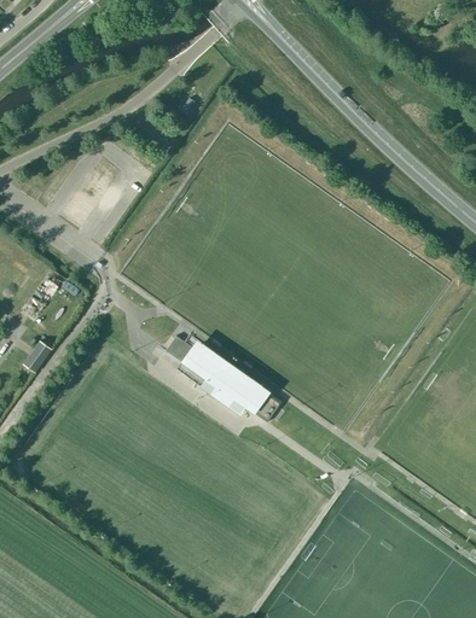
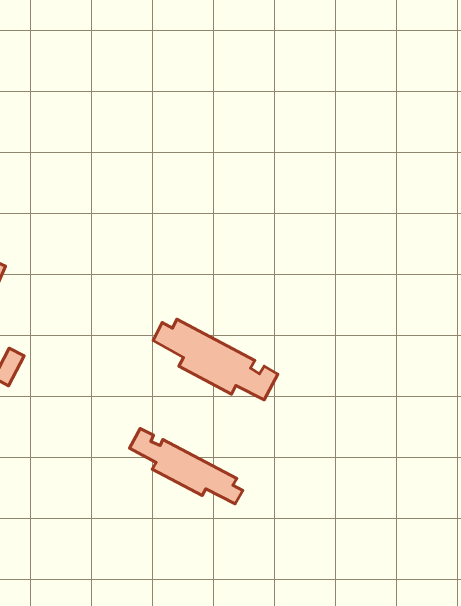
building: none -> [130,429,243,504]

